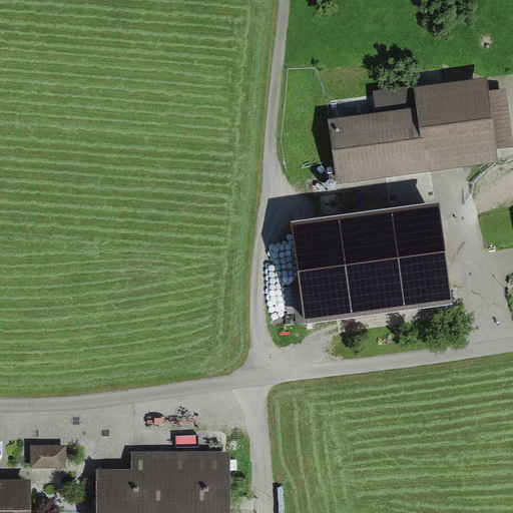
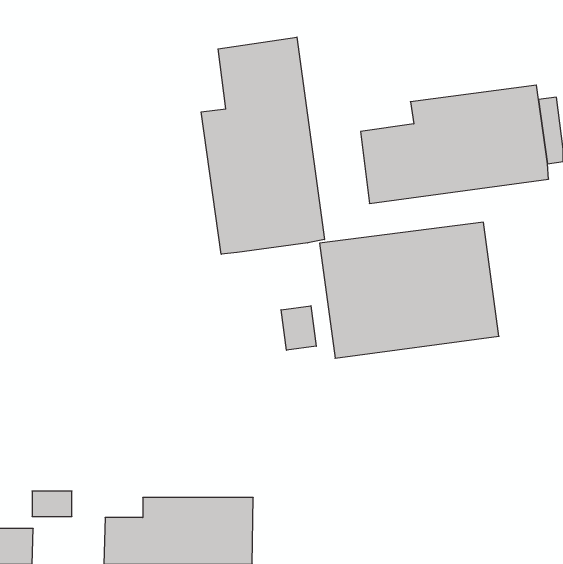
building: none -> [201,37,324,254]
building: none -> [281,306,316,350]

